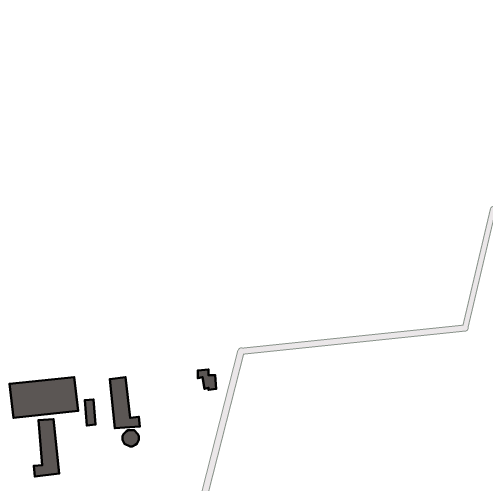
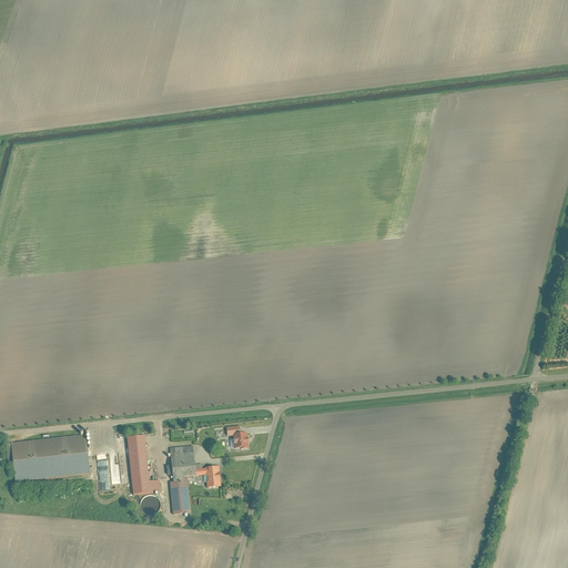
building: none -> [170,444,221,513]
building: [34,419,59,477] -> none

